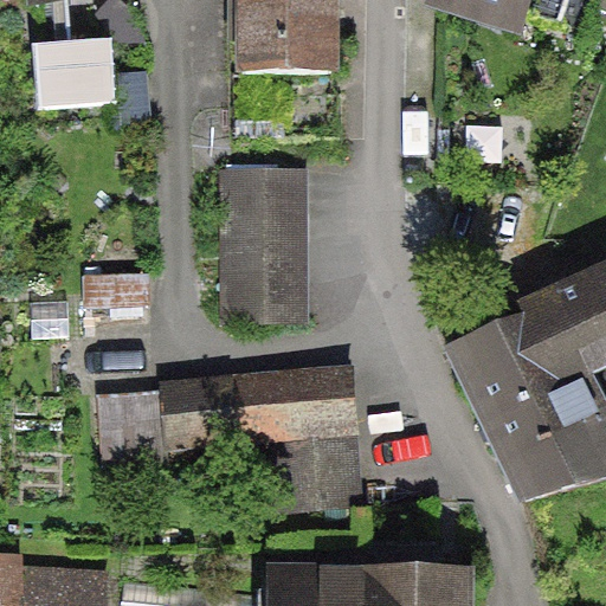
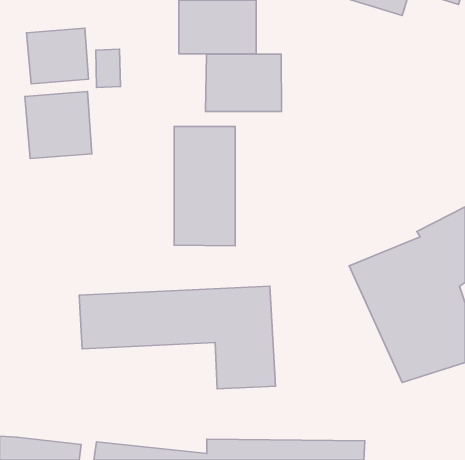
building: none -> [206,54,282,111]
building: none -> [25,92,92,159]

